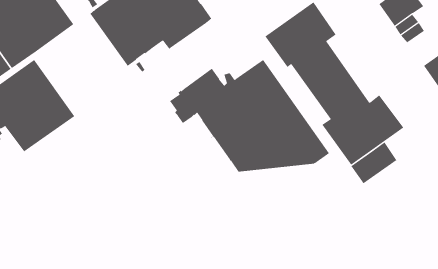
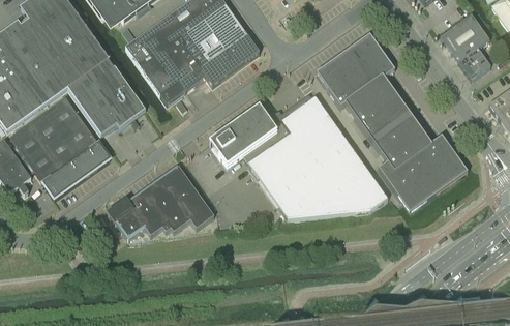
building: none -> [68,58,146,135]
building: none -> [110,164,214,238]
building: [351,141,397,184] -> none

